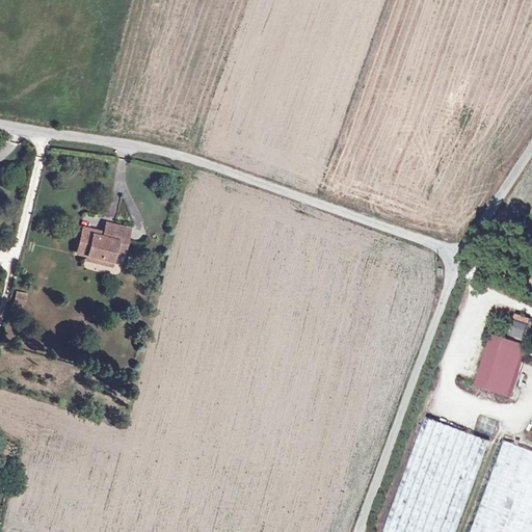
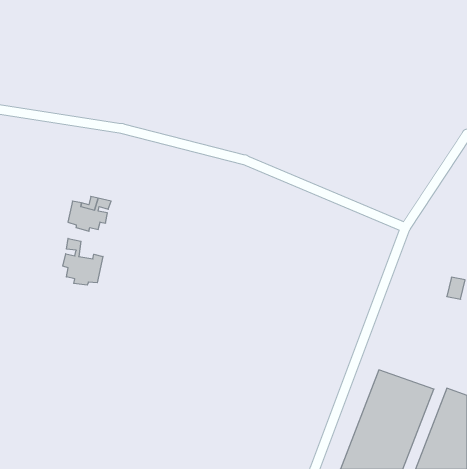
building: none -> [63,238,103,285]
building: [479,336,521,393] -> none

